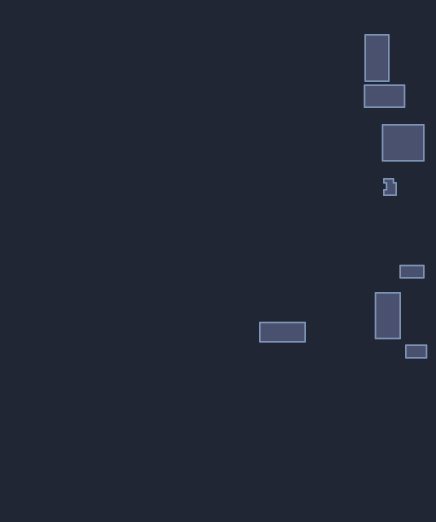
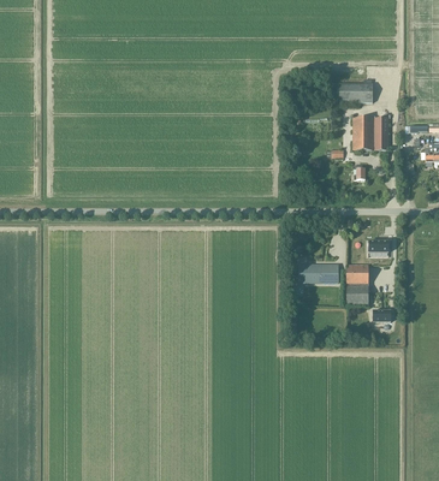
building: [365,35,389,81] -> none
building: [260,322,305,342] -> [298,265,338,281]

